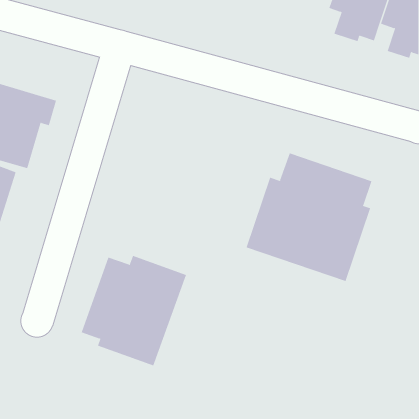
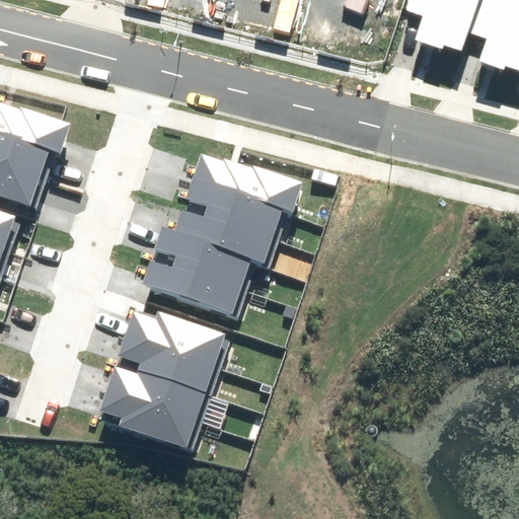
building: none -> [146,154,305,312]
building: [246,153,372,282] -> none

